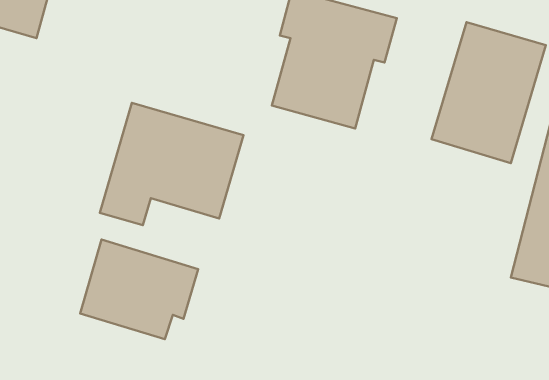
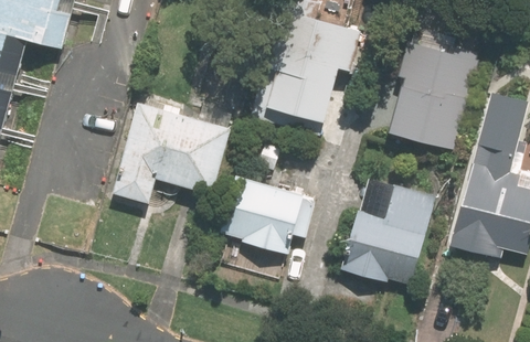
building: none -> [339,180,430,286]
building: [80,240,198,339] -> [218,172,315,254]

